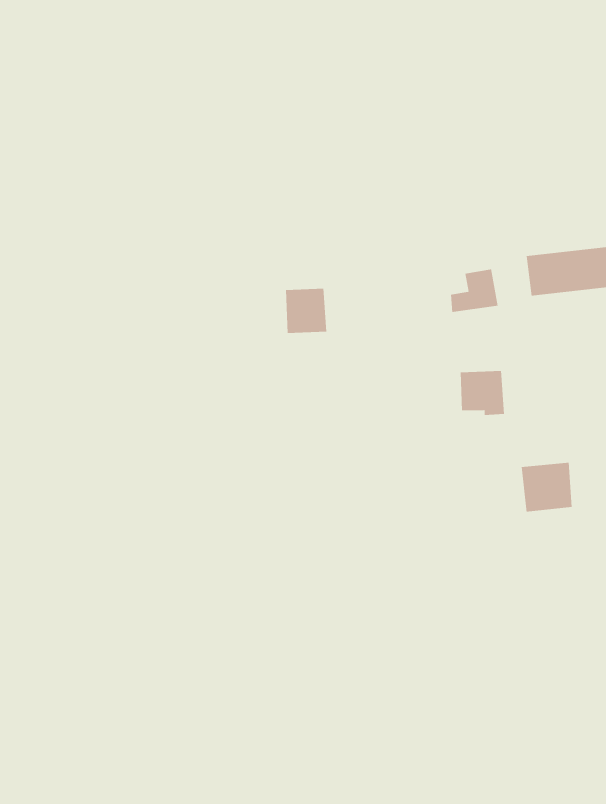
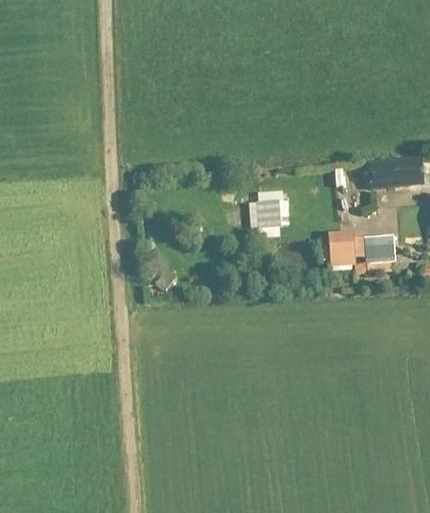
building: [285,288,327,333] -> [254,200,280,228]
building: [521,462,573,512] -> [363,230,395,262]

